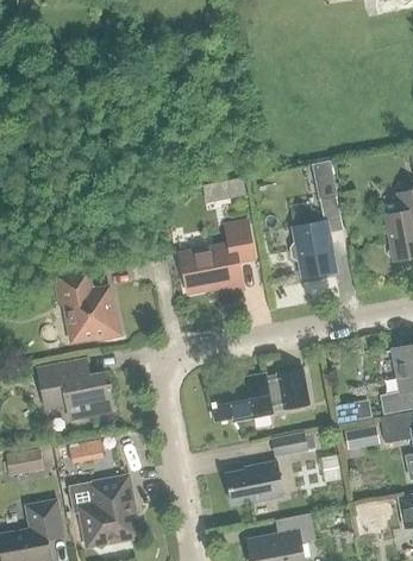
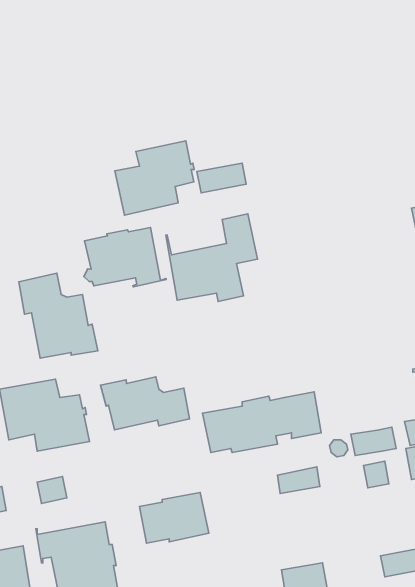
building: none -> [115,141,194,215]
building: [289,160,343,278] -> none
building: none -> [84,227,166,287]
building: none -> [100,377,189,430]
building: [225,461,283,504] -> [139,492,209,543]

